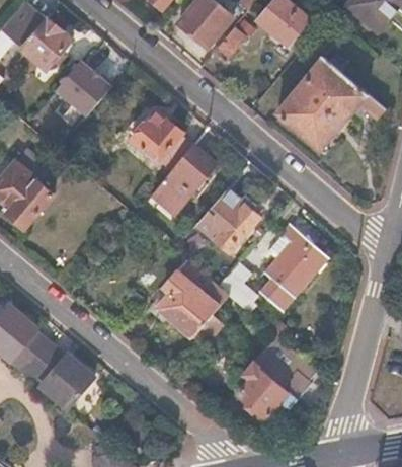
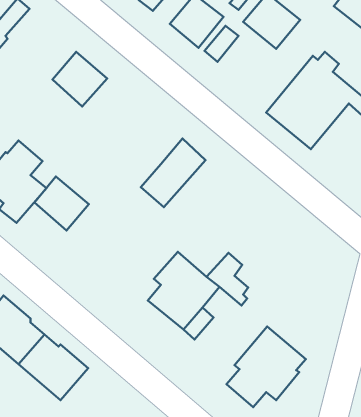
building: [11,11,71,69] -> none
building: [129,119,191,169] -> none
building: none -> [35,177,89,230]
building: [195,188,259,251] -> none
building: [261,223,327,310] -> none

